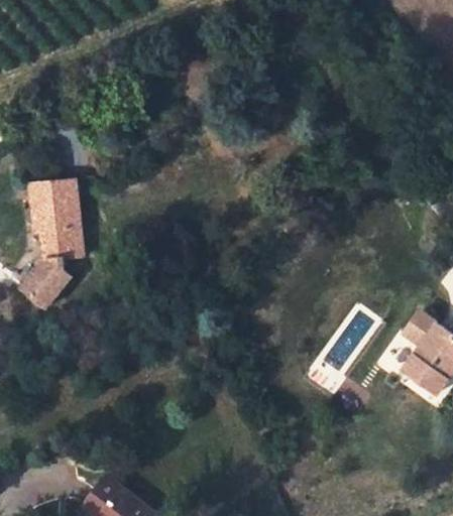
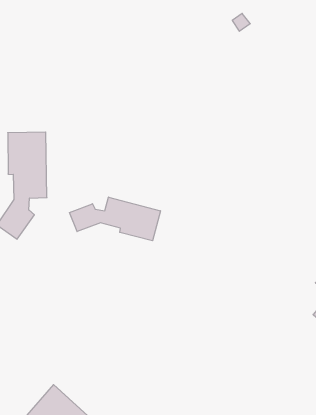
building: none -> [70,197,160,241]

